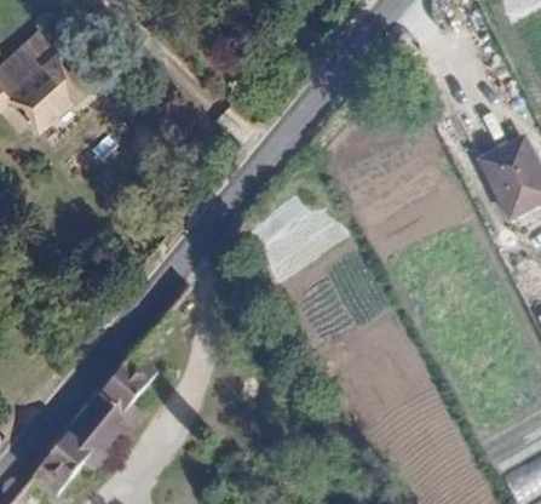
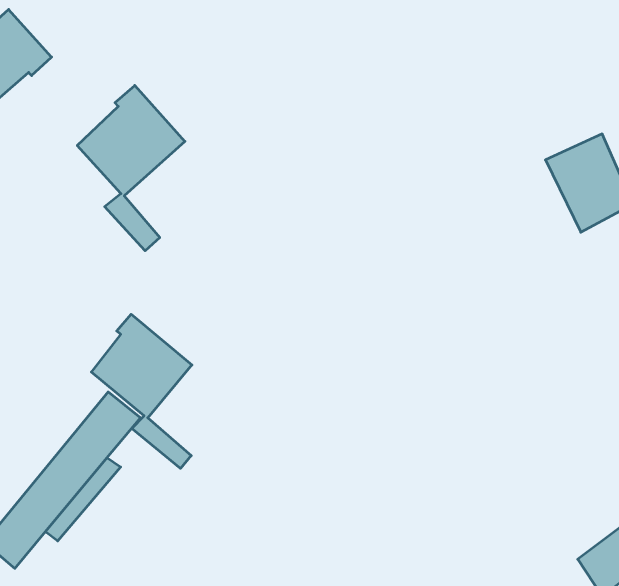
building: none -> [77,85,185,251]
building: none -> [91,314,192,468]

